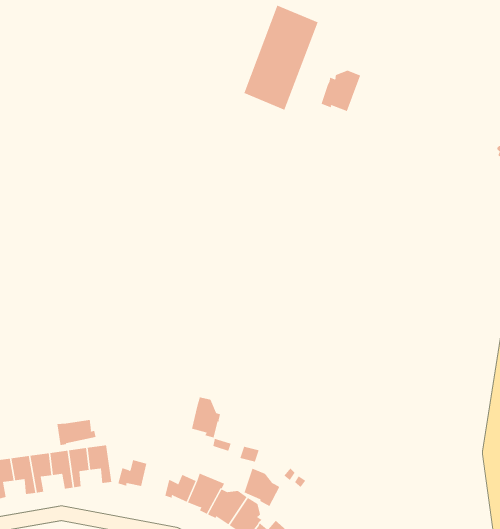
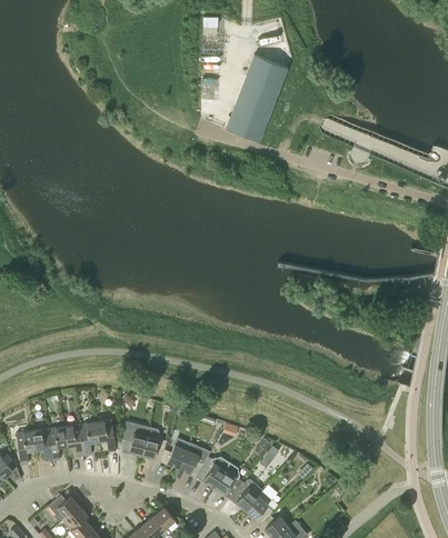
building: [321,70,361,112] -> none
building: [191,397,221,438] -> [141,428,166,462]
building: [57,419,96,446] -> none
building: [244,468,280,507] -> none

